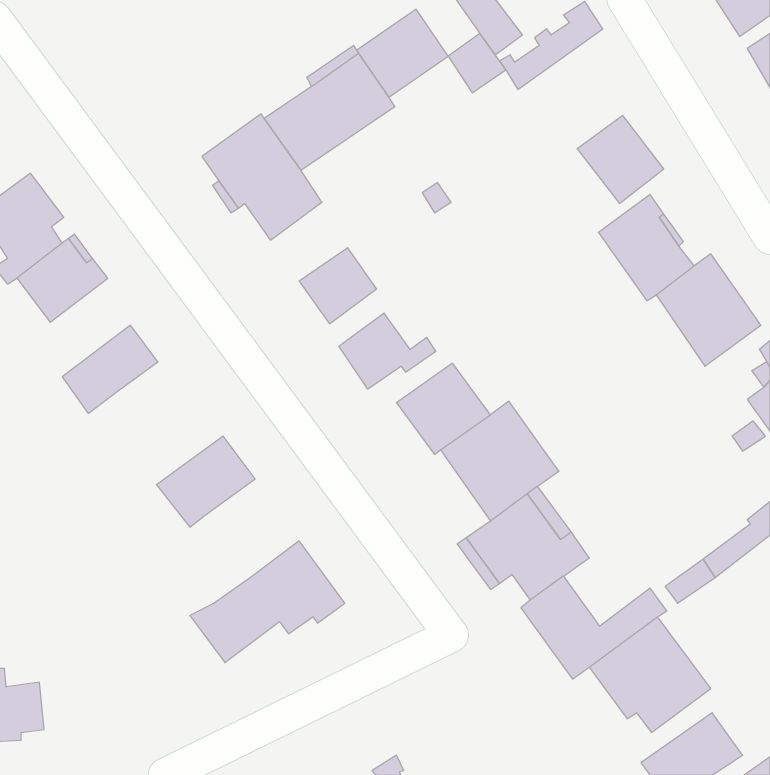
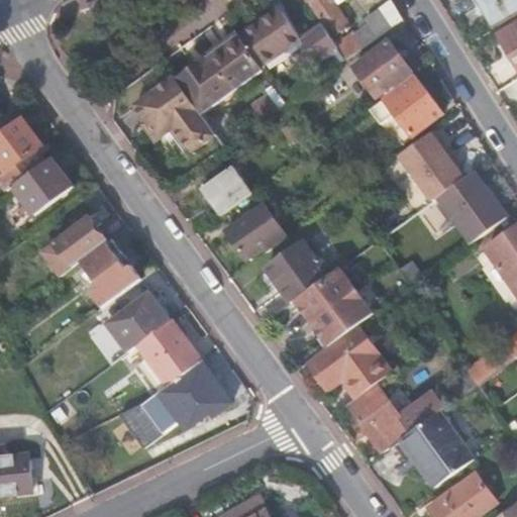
building: none -> [351,40,409,97]
building: none -> [79,237,139,307]
building: none -> [136,318,199,384]

